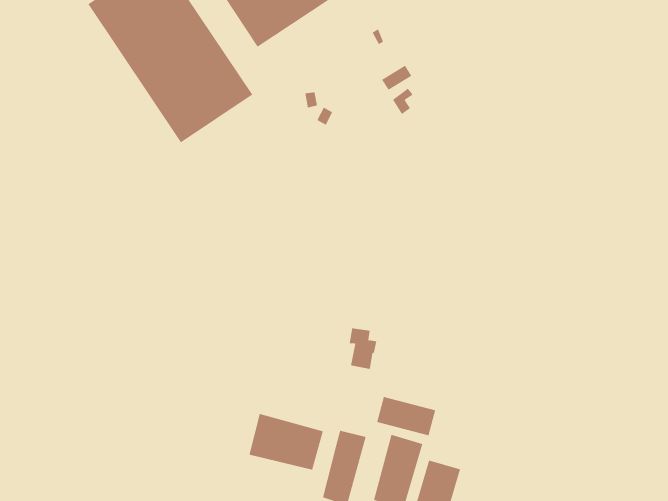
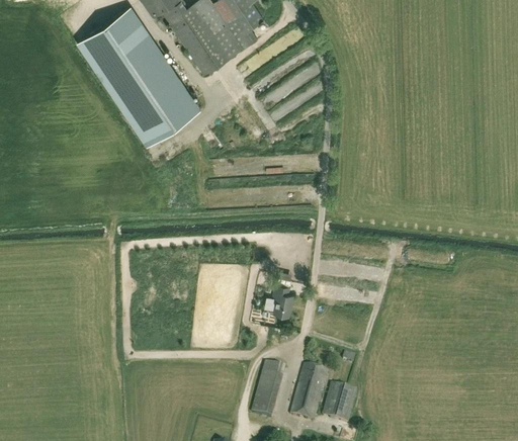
building: [377,396,436,436] -> none
building: [249,413,324,470] -> none

